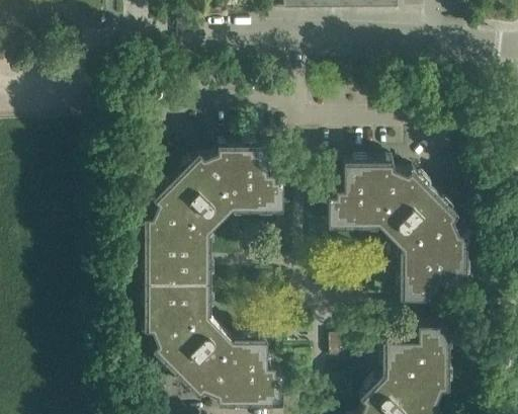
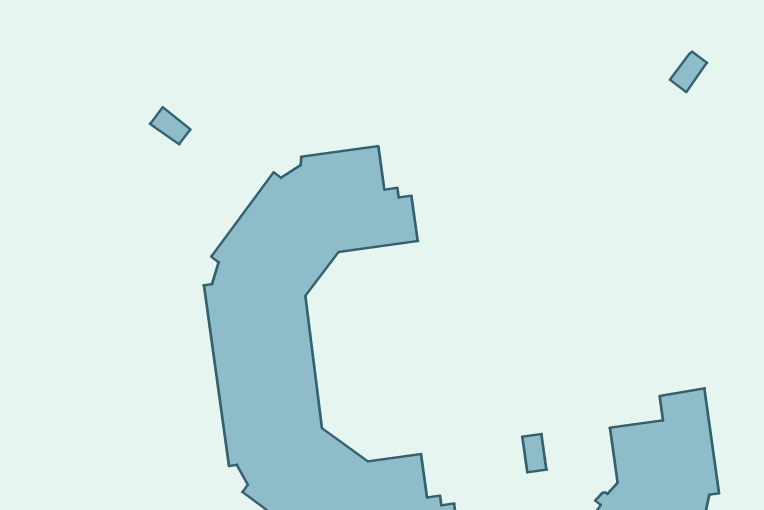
building: [329,165,464,302] -> none

